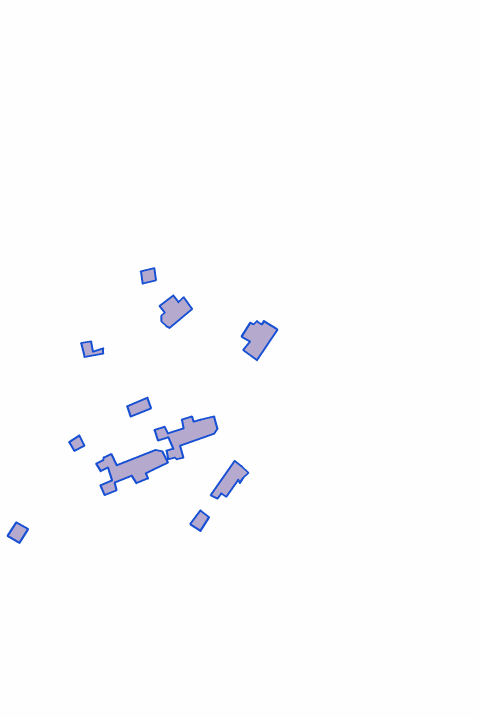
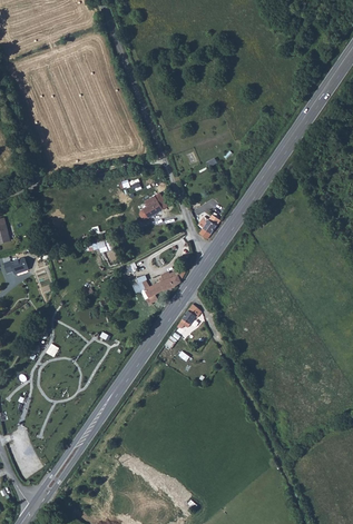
building: [96,450,168,495] -> none

